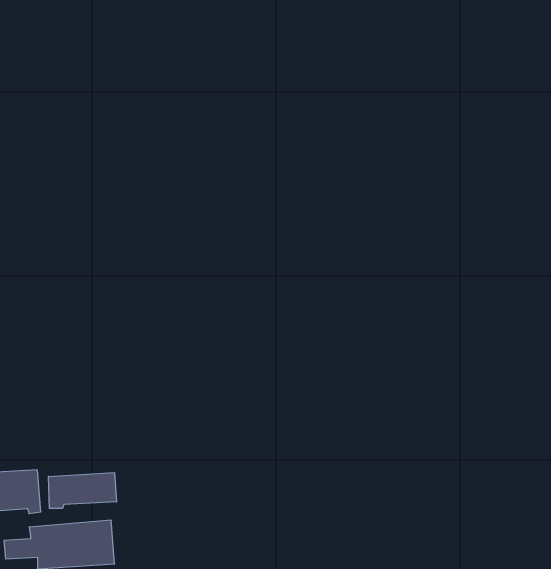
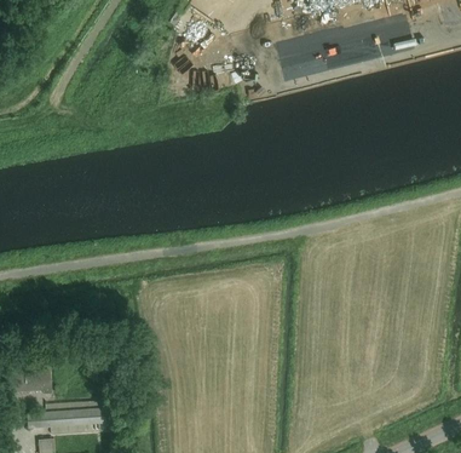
building: [49,473,117,508] -> none

